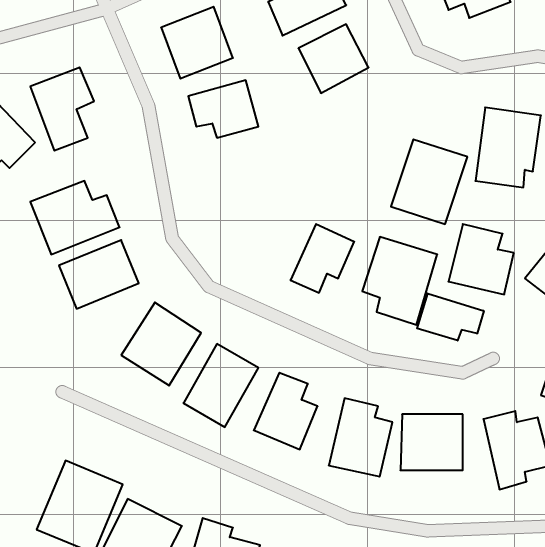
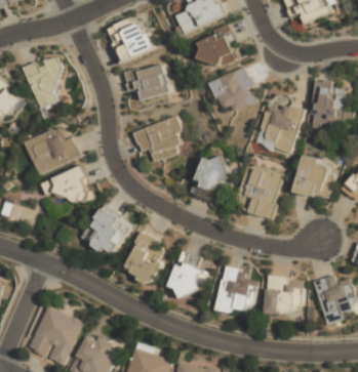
building: none -> [207,67,257,112]
building: none -> [133,119,183,160]
building: [417,293,484,341] -> none

